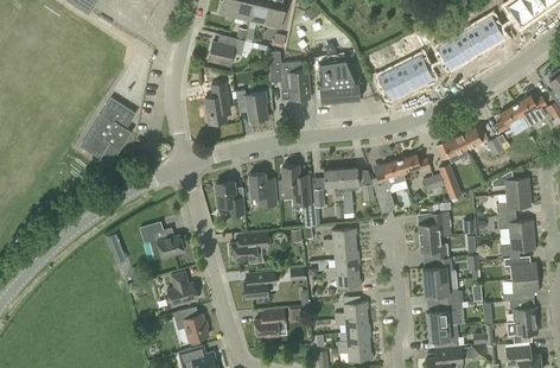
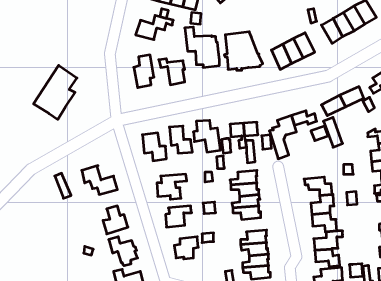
building: [415,212,451,239] -> none

